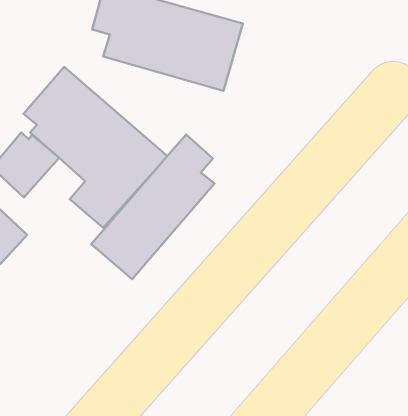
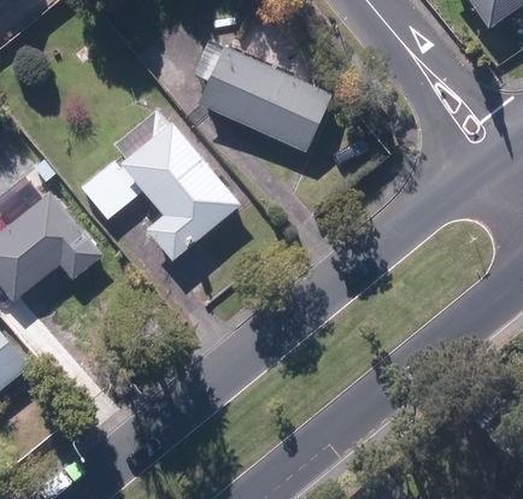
building: [91,135,215,279] -> none

